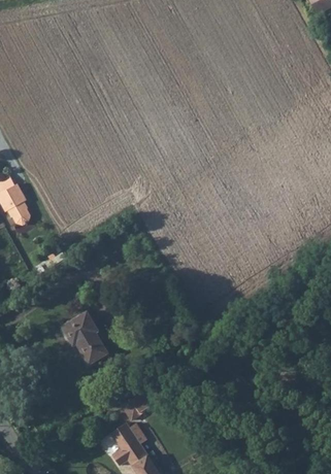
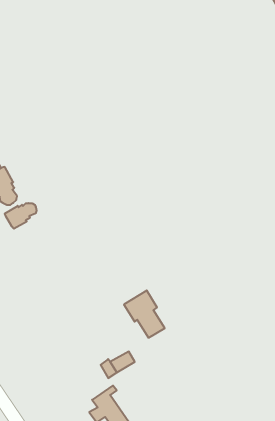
building: none -> [5,203,37,229]
building: [62,309,106,361] -> [124,290,165,338]

